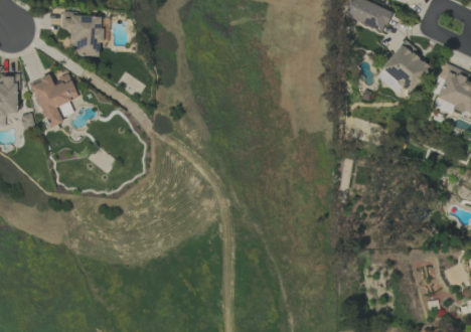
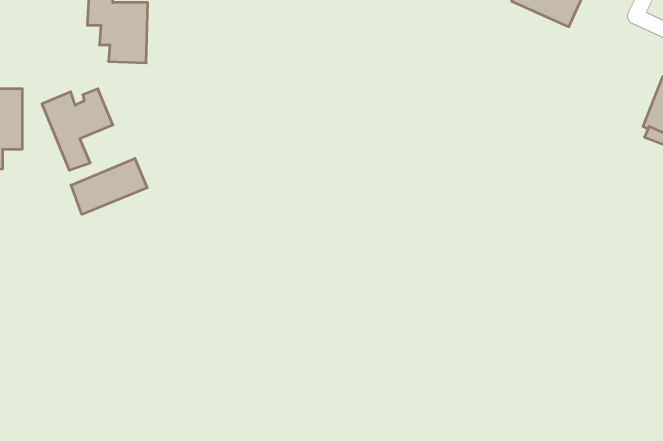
building: [376,39,430,94] -> none
building: none -> [71,158,147,214]

